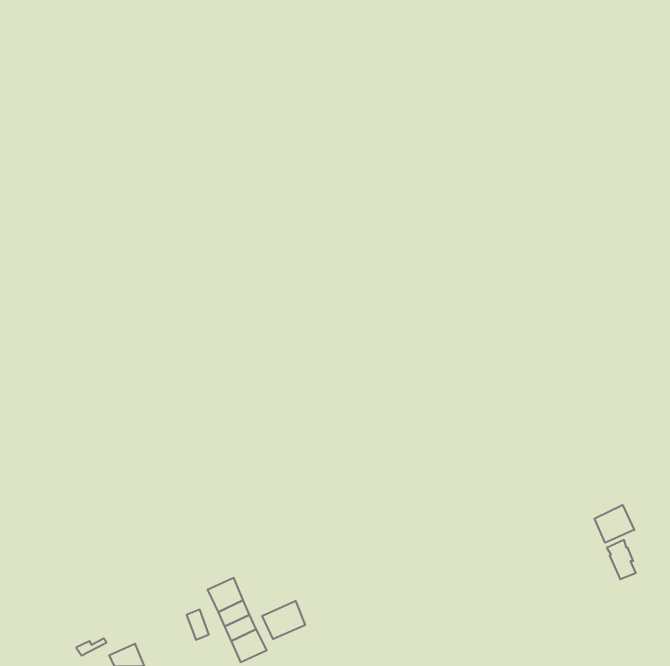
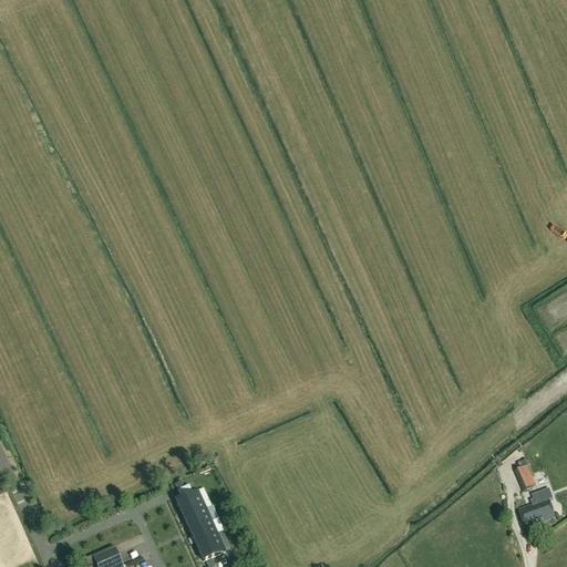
building: [595,505,634,543] -> none
building: none -> [519,496,556,525]
building: [262,601,305,639] -> none

